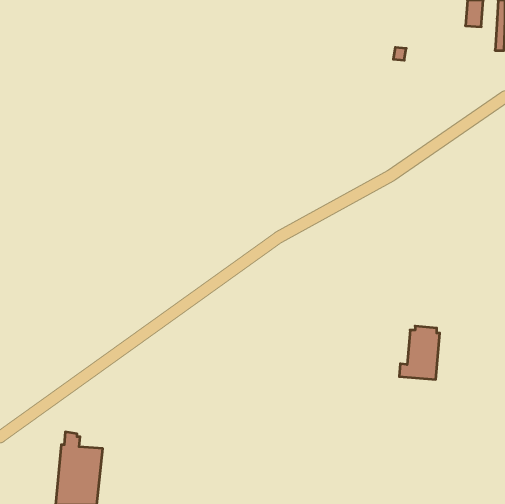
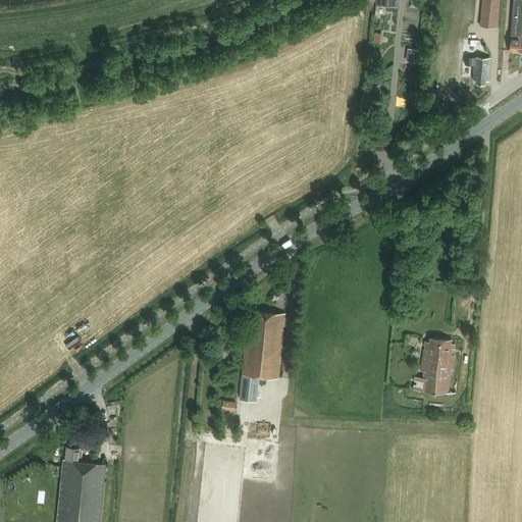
building: none -> [465,58,491,85]
building: none -> [240,310,285,401]

